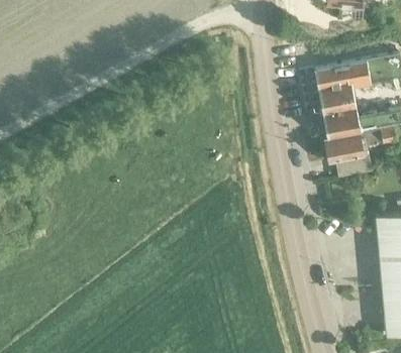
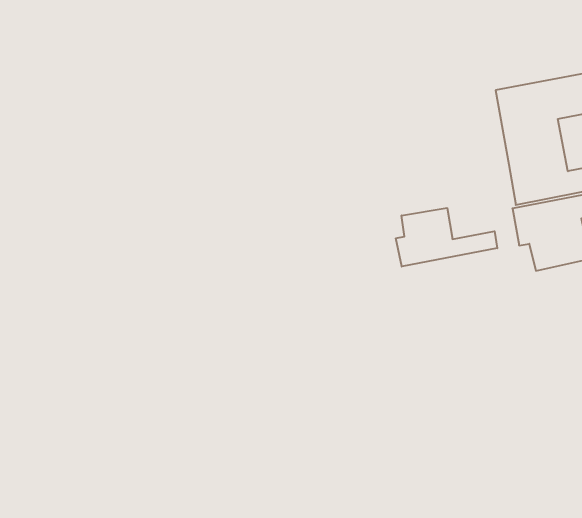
building: none -> [396,208,497,267]

